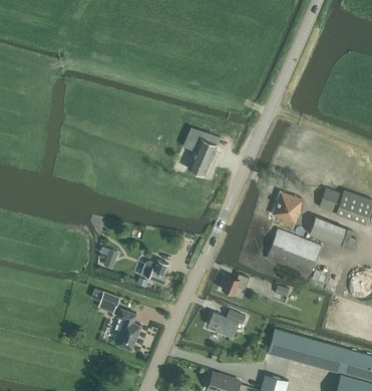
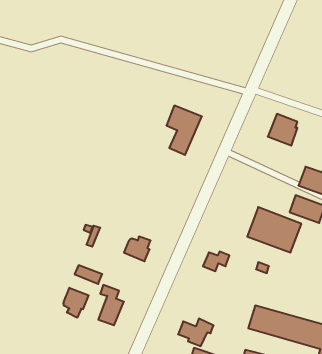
building: [272,191,302,224] -> [268,114,297,146]
building: [209,310,245,338] -> [178,319,214,346]
building: none -> [64,288,89,318]

